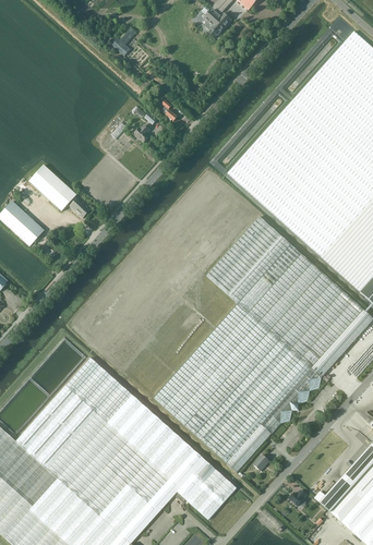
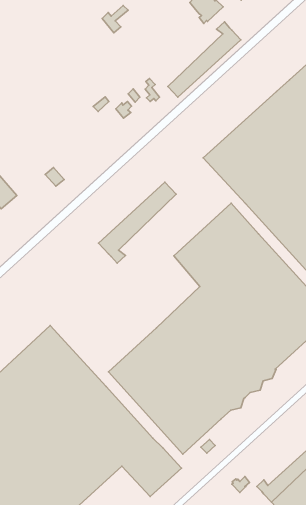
building: none -> [168,22,241,97]
building: [28,165,76,210] -> none
building: none -> [98,182,176,263]

